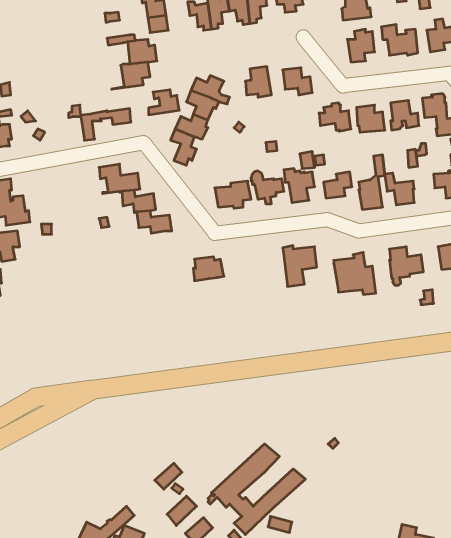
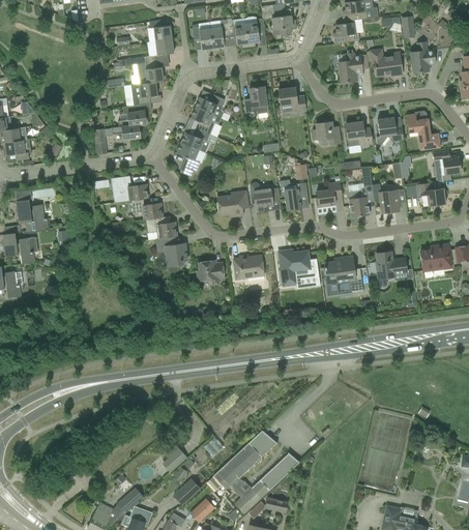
building: [149,90,179,115] -> [118,105,146,127]
building: none -> [155,236,187,272]
building: none -> [234,255,264,281]

